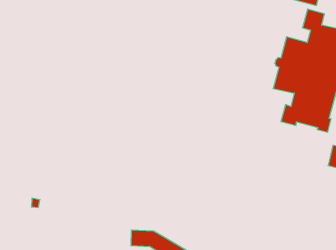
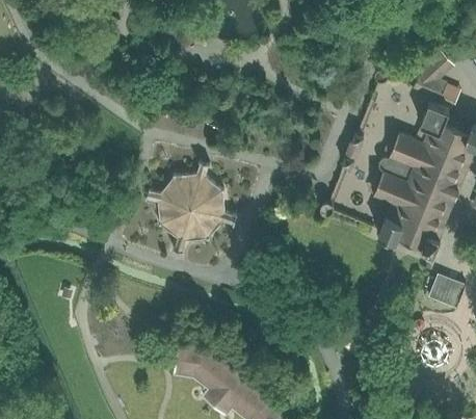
building: none -> [143,162,234,253]

